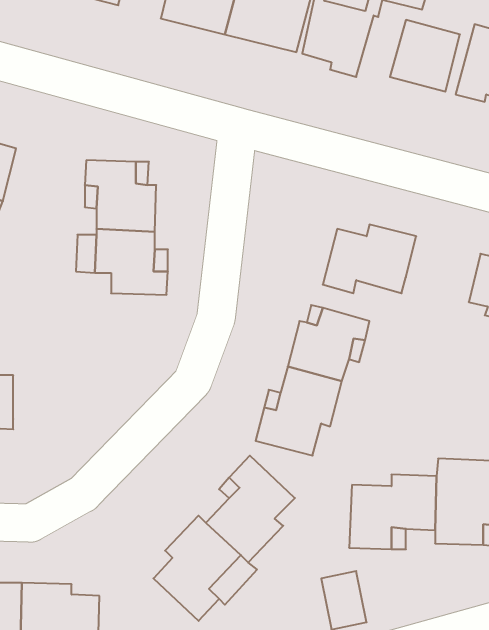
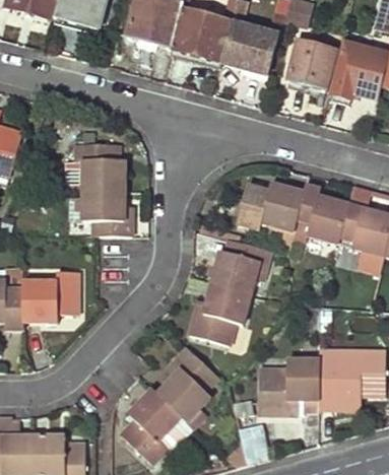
building: none -> [298,185,349,243]
building: none -> [24,271,80,319]

